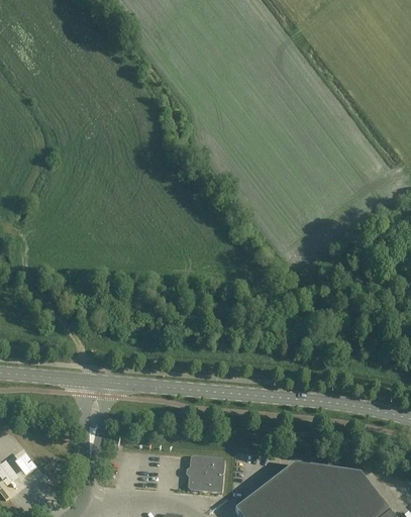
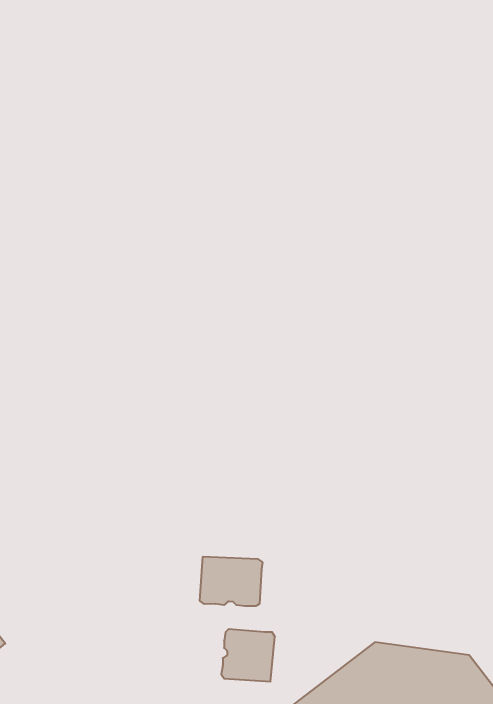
building: none -> [200,557,262,606]

